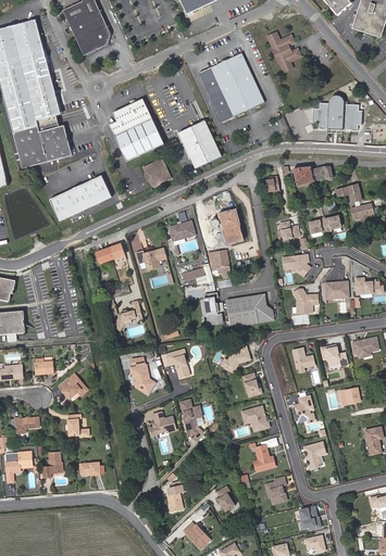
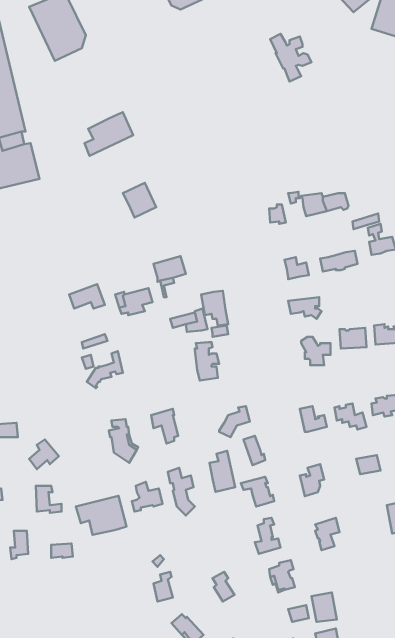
building: [198,52,263,121] -> none
building: [313,94,361,129] -> none
building: [113,117,162,160] -> none
building: [177,119,221,168] -> none
building: [48,175,110,219] -> none
building: [204,210,241,244] -> none
building: [225,293,274,327] -> none
building: none -> [209,451,235,492]
building: none -> [76,496,127,535]

